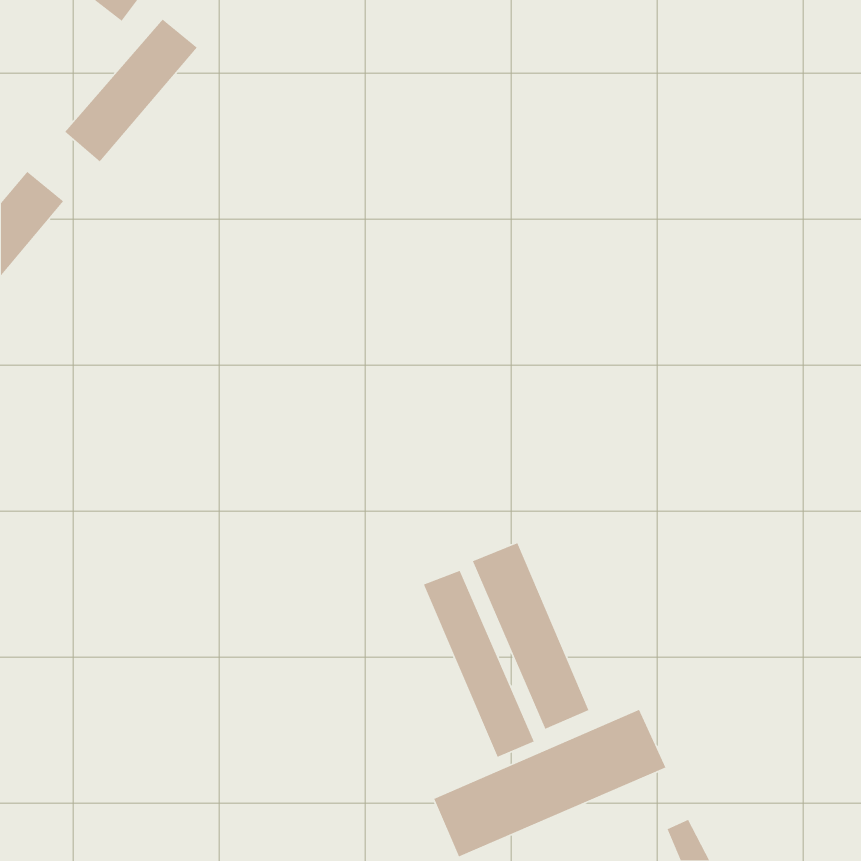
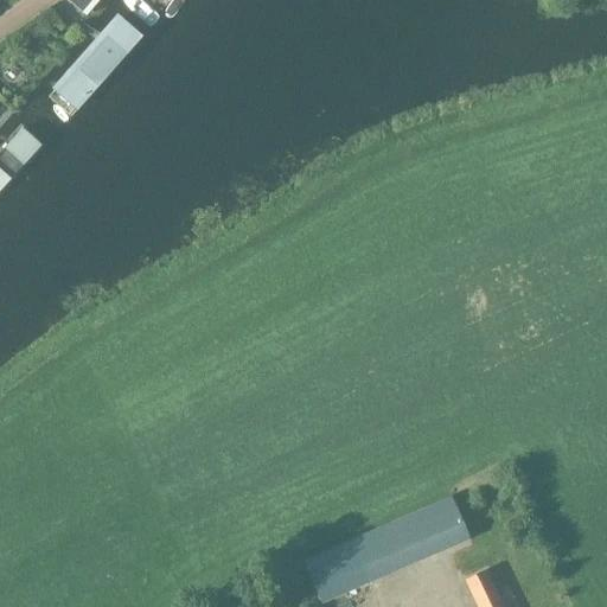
building: [472,542,590,730] -> none
building: [423,570,535,758] -> none

